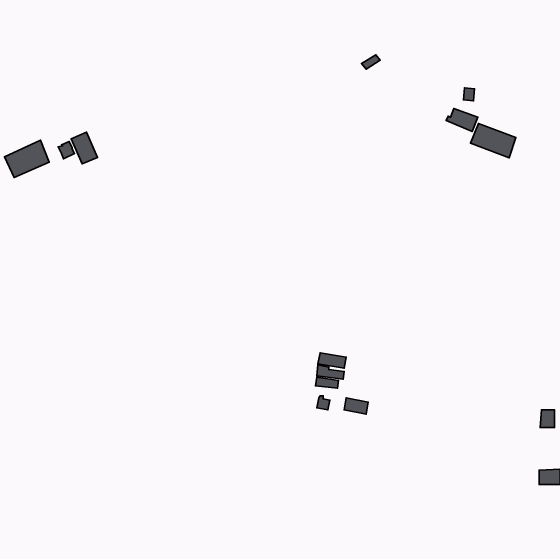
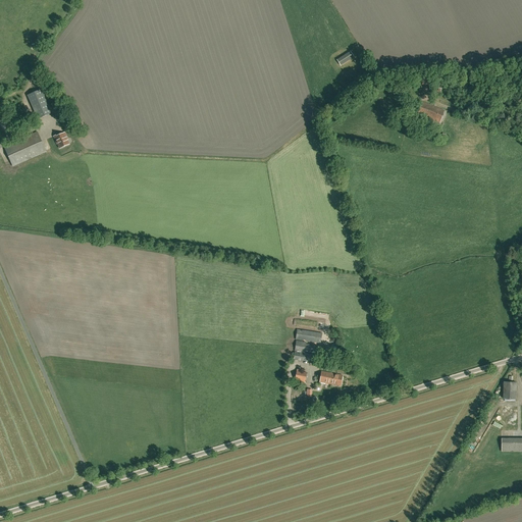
building: [470,123,516,158] -> none
building: [71,132,98,164] -> [28,89,52,118]

